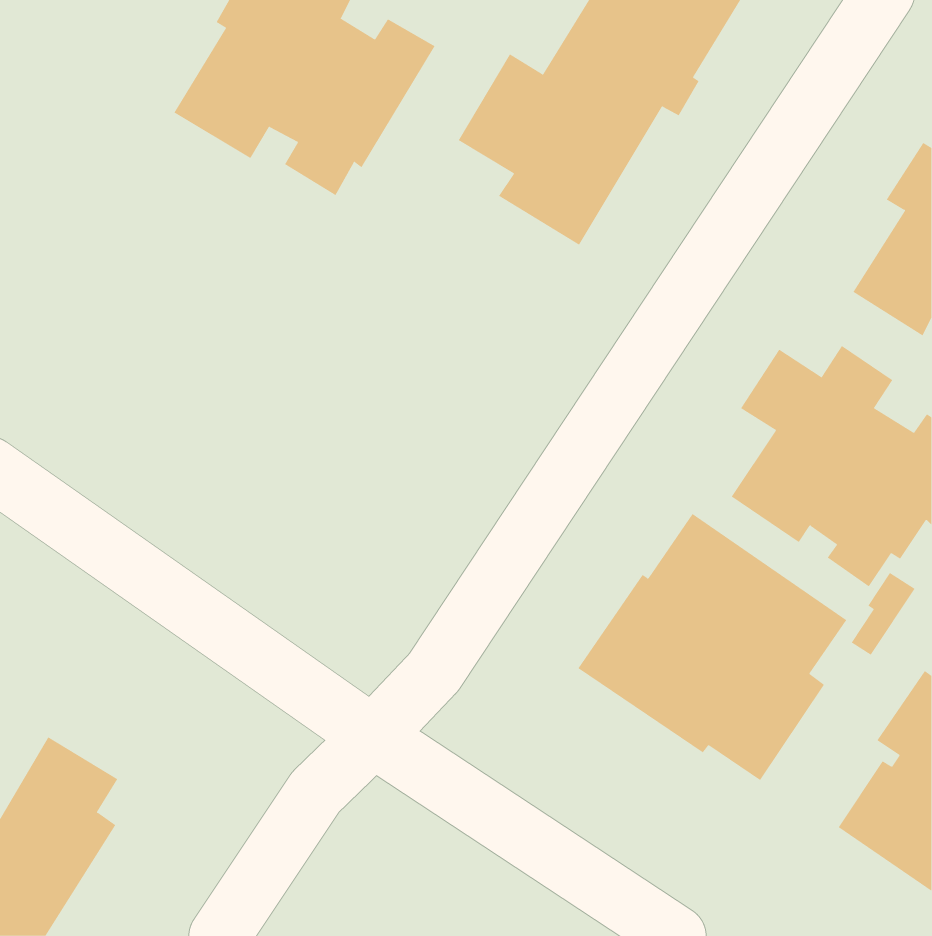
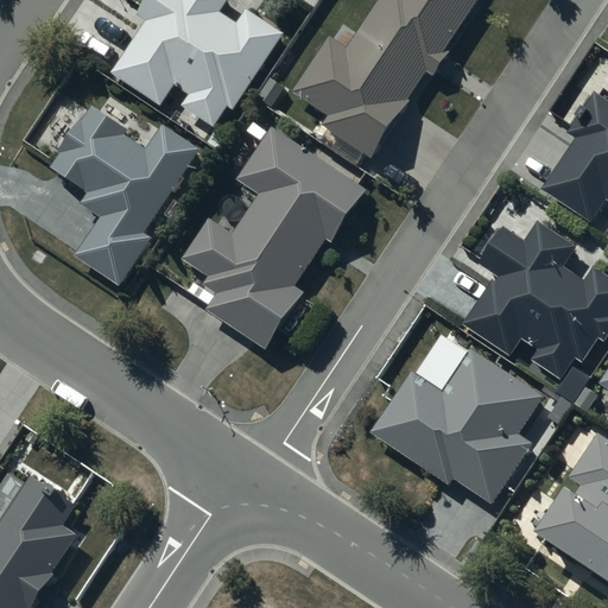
building: none -> [48,106,203,287]
building: none -> [182,126,367,349]

